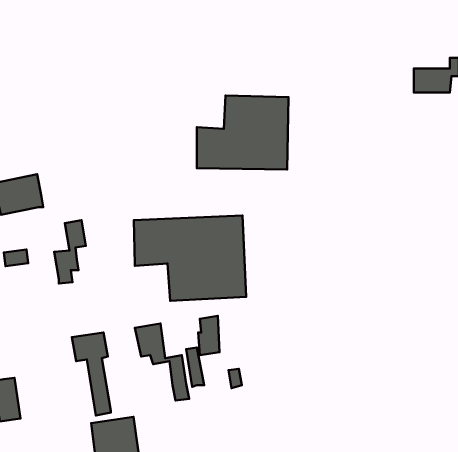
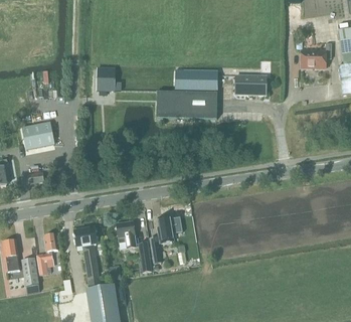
building: none -> [97,67,122,90]
building: none -> [235,74,267,94]
building: [134,216,246,301] -> none
building: [54,220,86,284] -> [37,232,58,275]

